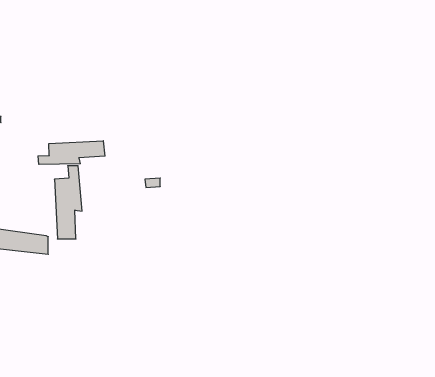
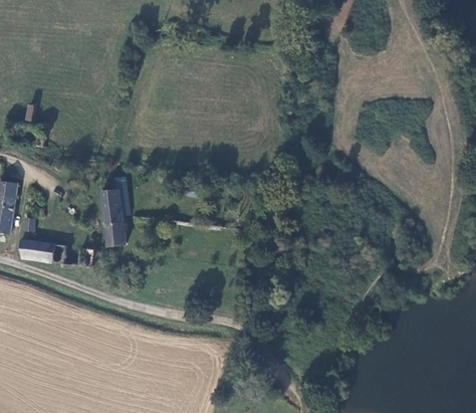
building: [38,141,105,164] -> none

